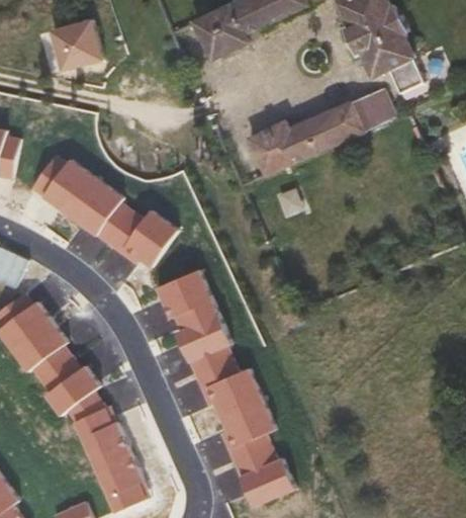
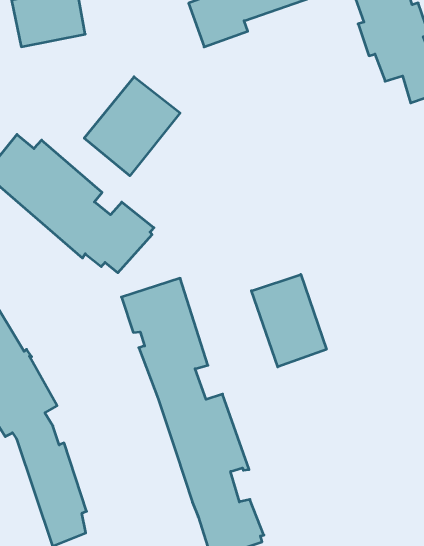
building: [246,86,392,174] -> none
building: none -> [84,77,180,176]
building: none -> [251,274,326,367]

